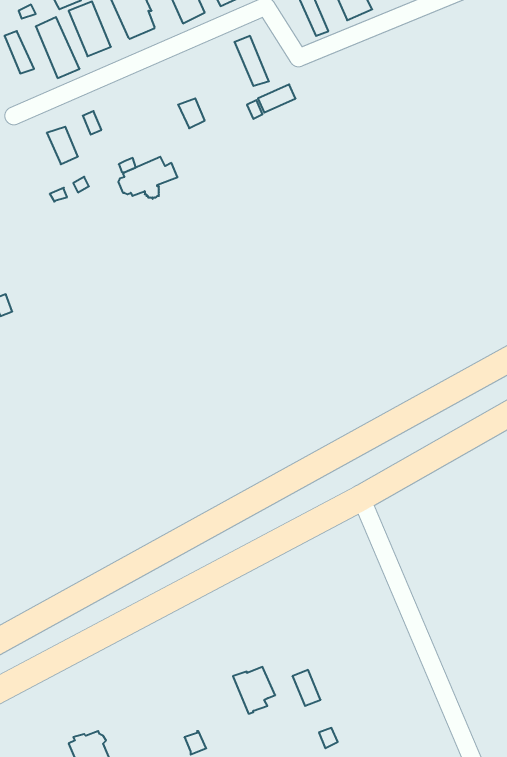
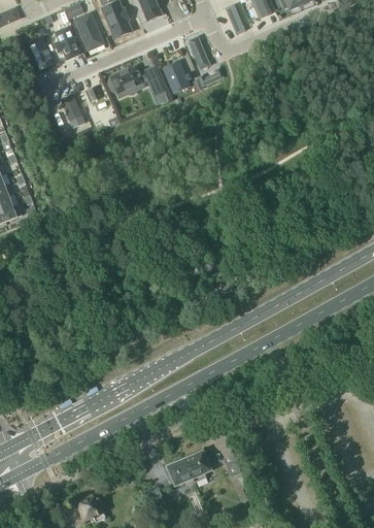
building: none -> [162,60,190,93]
building: [118,157,178,199] -> [107,65,146,93]
building: none -> [166,457,193,486]

